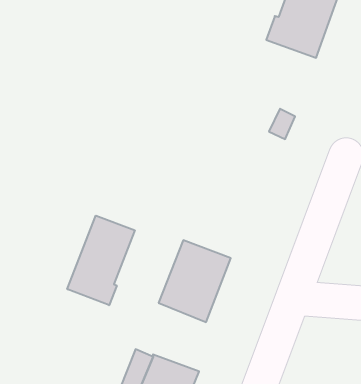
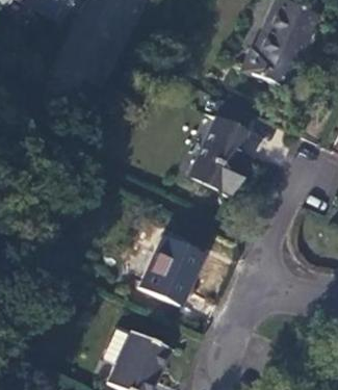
building: none -> [191,118,245,191]
building: [67,216,135,305] -> none

